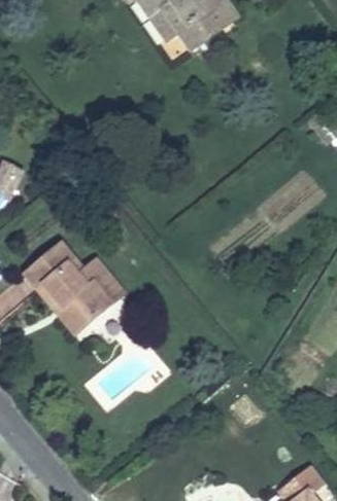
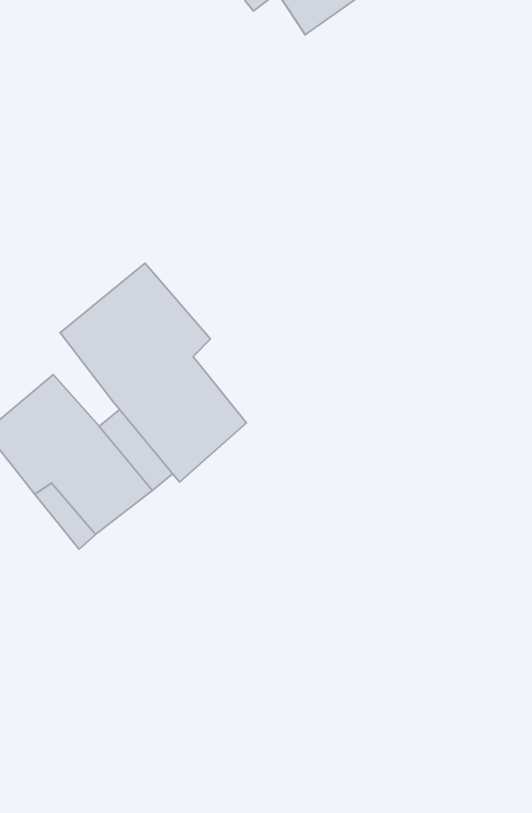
building: none -> [60,263,246,482]

